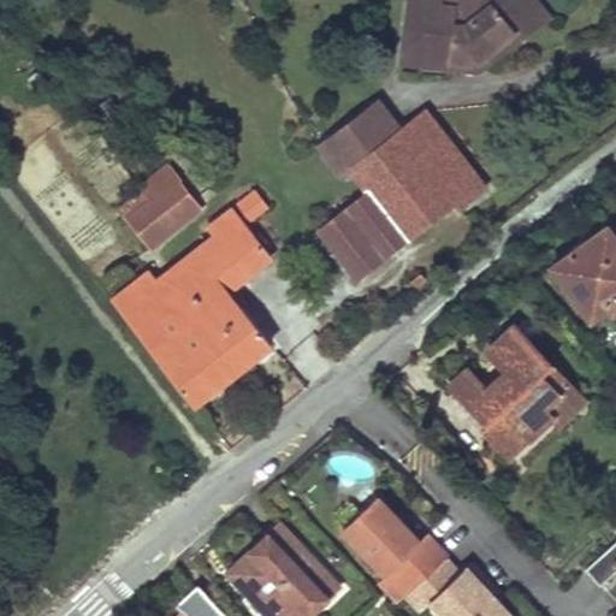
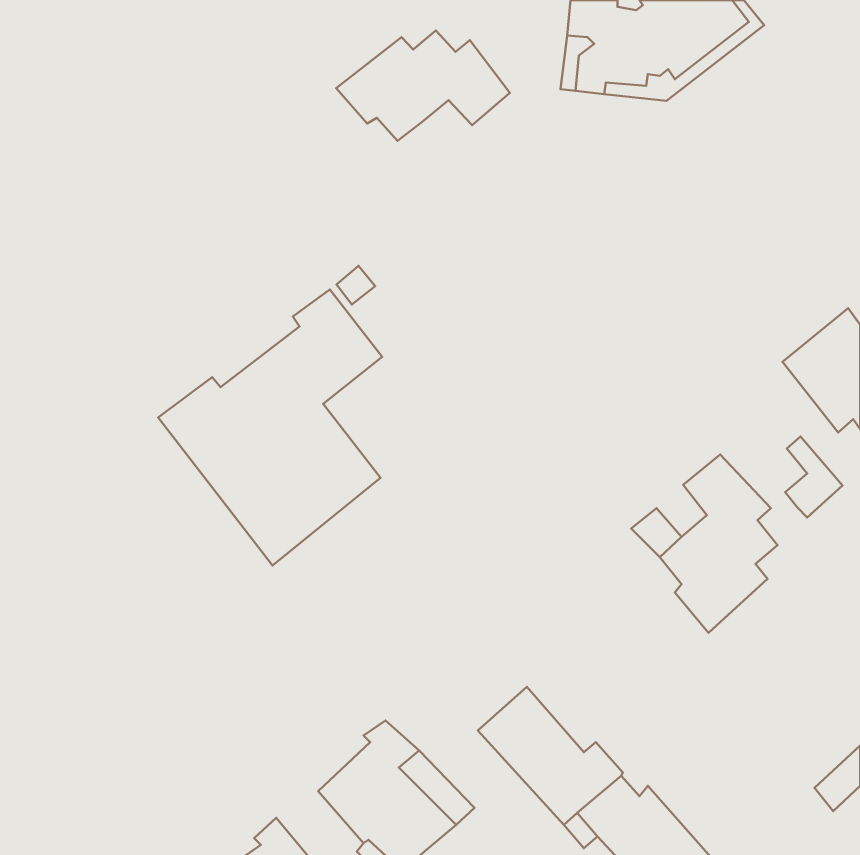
building: none -> [336,30,510,141]
building: [319,107,485,280] -> none
building: [118,165,202,249] -> none
building: [540,367,581,425] -> [785,437,842,517]

